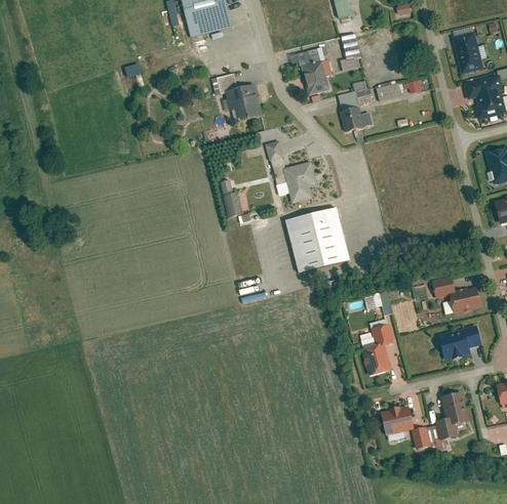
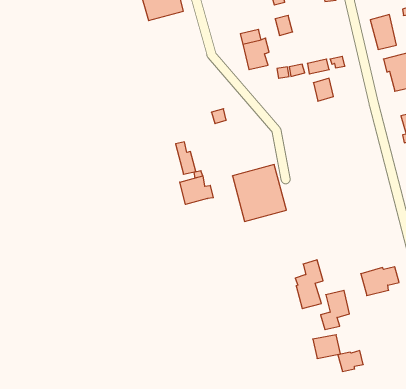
building: [209,73,262,123] -> none
building: [339,106,362,132] -> [313,78,333,101]
building: [283,160,318,202] -> none
building: none -> [180,176,213,204]
building: [433,277,481,313] -> none
building: [436,392,470,438] -> [321,290,349,330]

